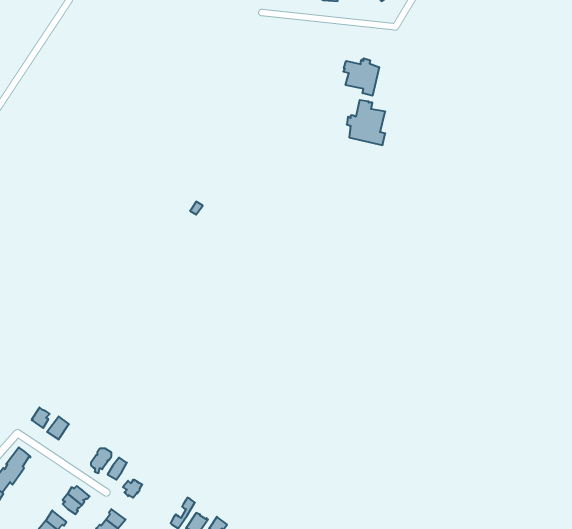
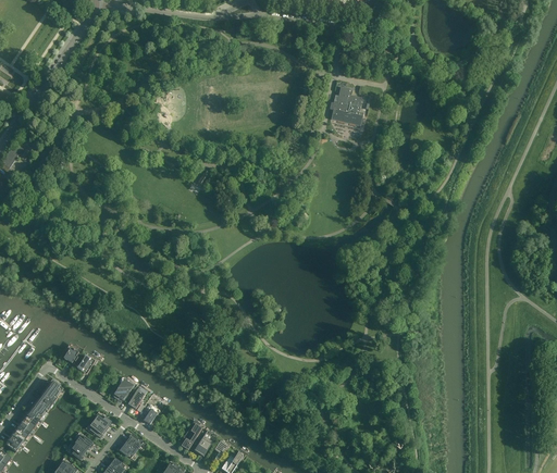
building: [343,58,379,96] -> none

